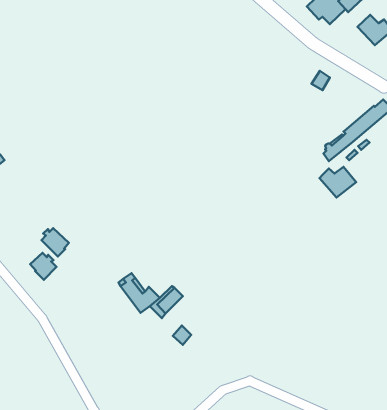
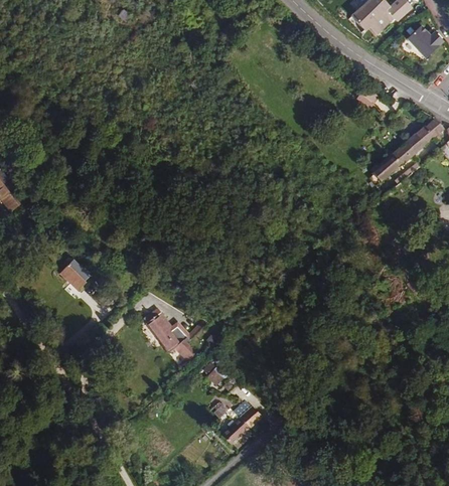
building: [319,167,356,198] -> none
building: [30,253,57,280] -> none
building: none -> [220,412,255,448]

